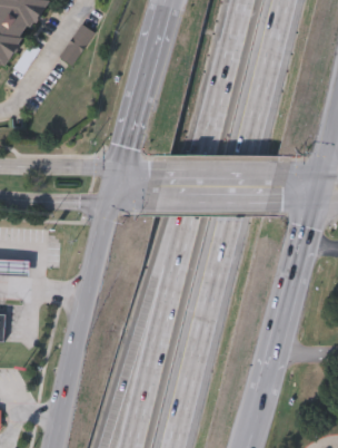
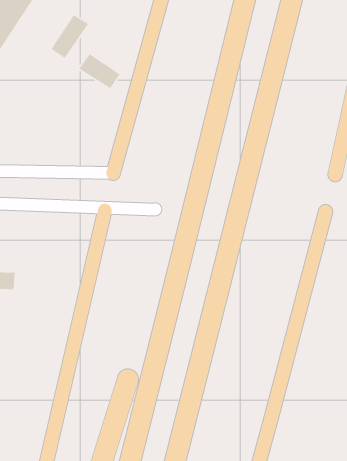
building: none -> [78,53,120,89]

